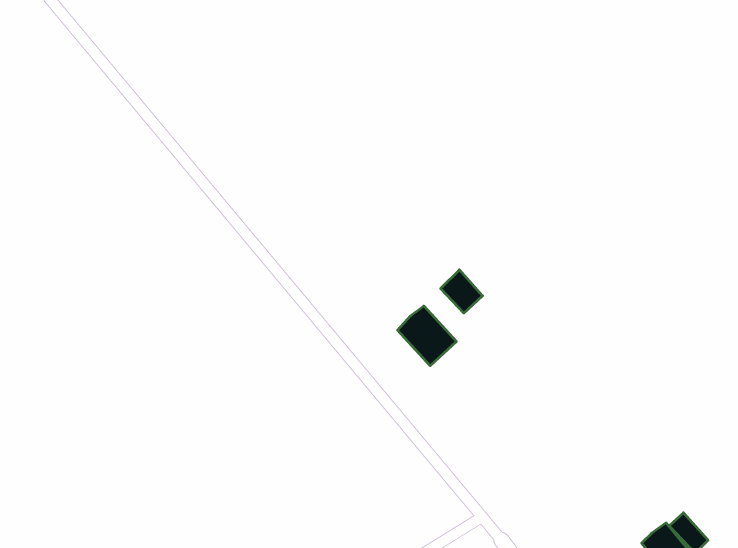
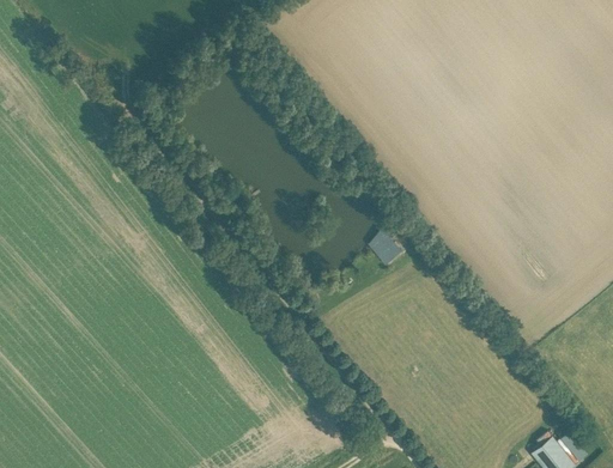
building: [398,306,456,366] -> none

